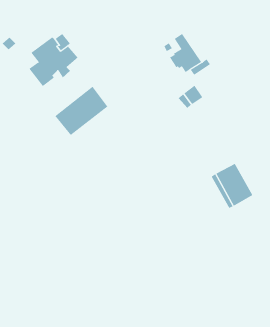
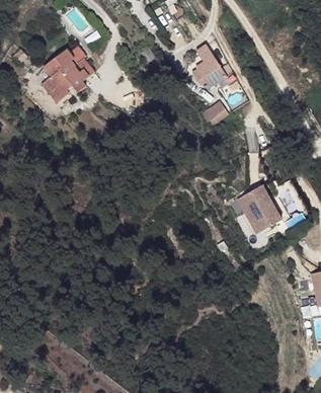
building: [55,86,108,136] -> none

